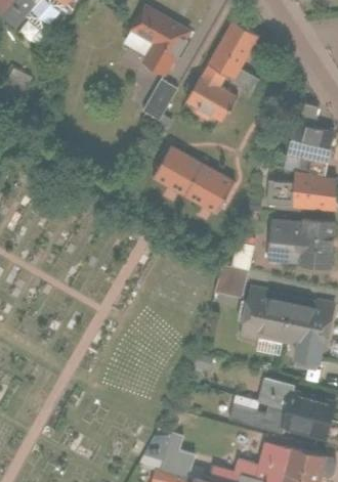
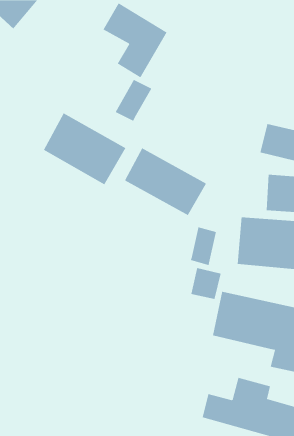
building: [189,26,250,118] -> none
building: none -> [43,113,126,185]
building: none -> [190,226,217,266]

